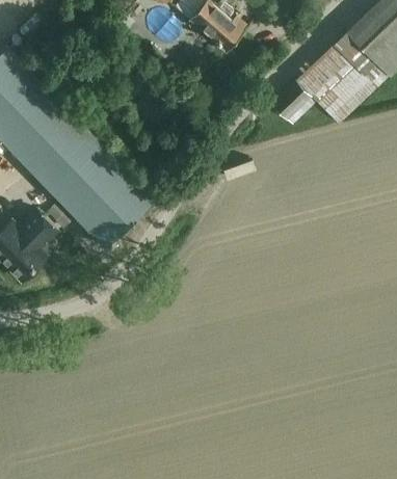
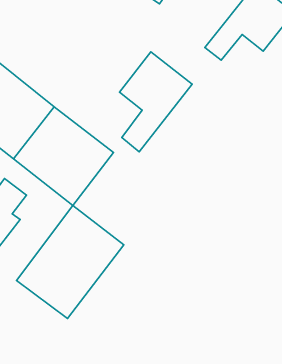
building: none -> [119,52,192,152]
building: none -> [16,205,124,319]

